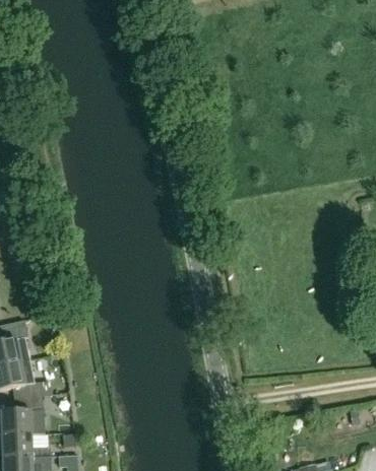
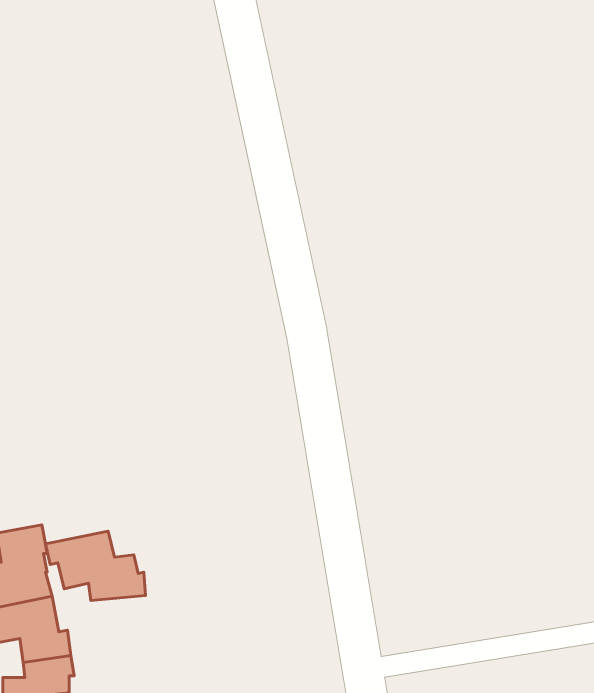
building: none -> [45,531,145,600]

